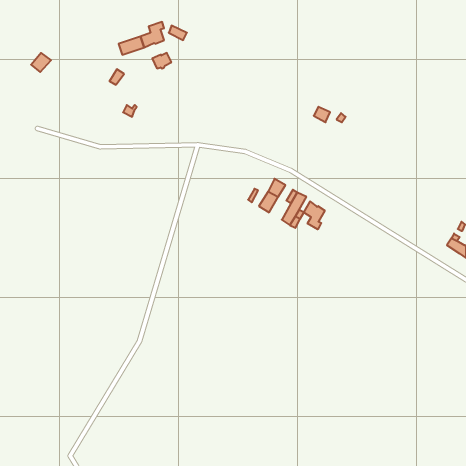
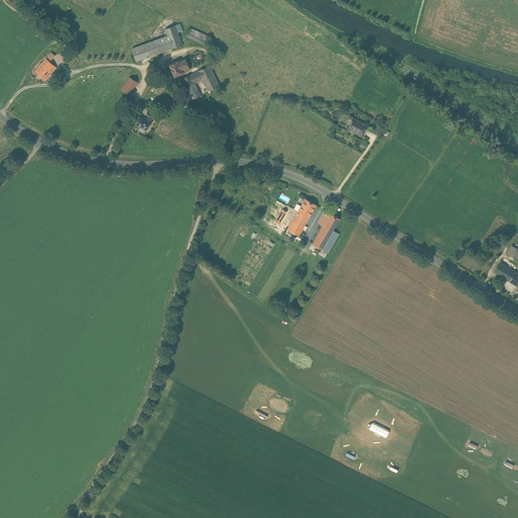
building: none -> [183,65,220,99]
building: [304,201,325,229] -> none

